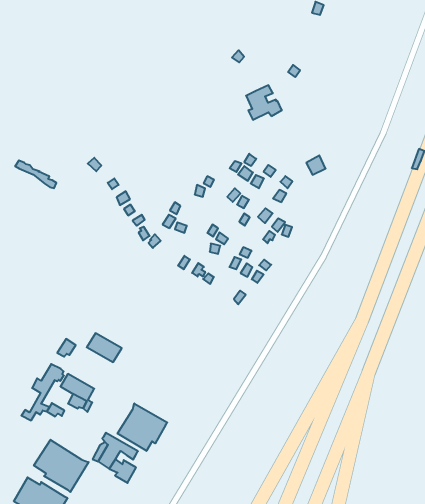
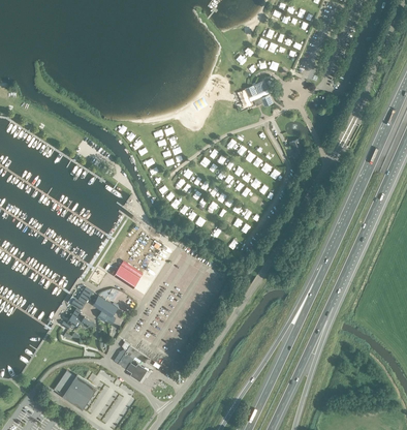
building: [118,403,167,451] -> none
building: [34,440,89,492] -> none

